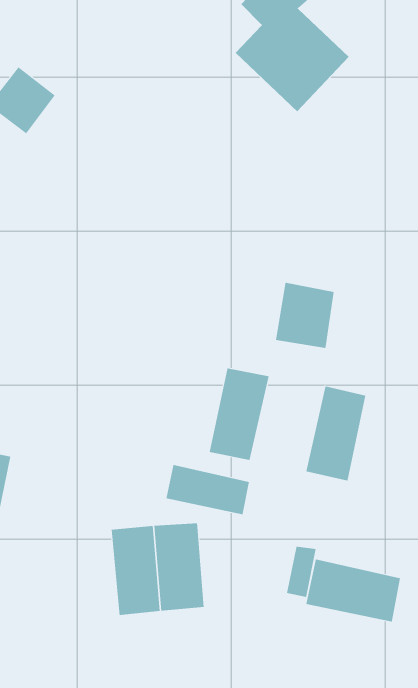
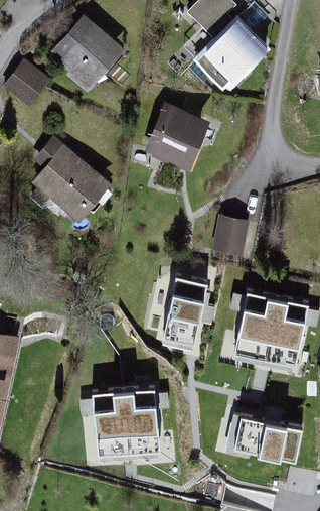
building: none -> [53,14,125,85]
building: none -> [146,101,212,168]
building: none -> [28,143,114,226]
building: none -> [265,295,309,365]
building: [166,464,250,515] -> none

